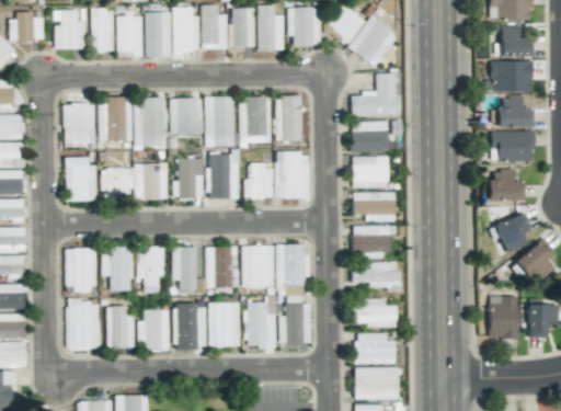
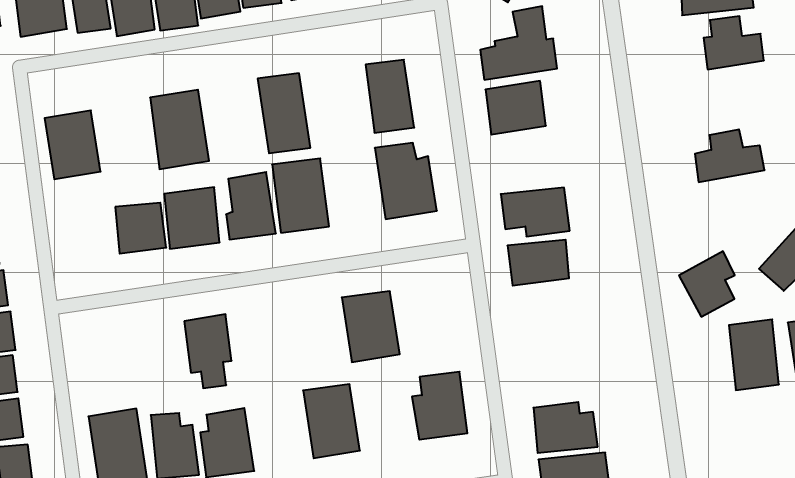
building: [239,96,271,142] -> none
building: [99,98,126,141] -> none
building: [170,98,202,135] -> none
building: [491,132,535,162] -> none
building: [353,156,389,189] -> none
building: [66,157,98,202] -> none
building: [244,163,273,199] -> none
building: [495,213,531,253] -> [679,251,735,317]
building: [276,244,310,286] -> none
building: [102,247,133,292] -> none
building: [172,247,197,292] -> none
building: [206,247,238,288] -> none
building: [66,249,95,293] -> none
building: [352,262,400,290] -> none
building: [244,296,276,353] -> none
building: [353,299,398,328] -> none
building: [175,302,206,350] -> none

